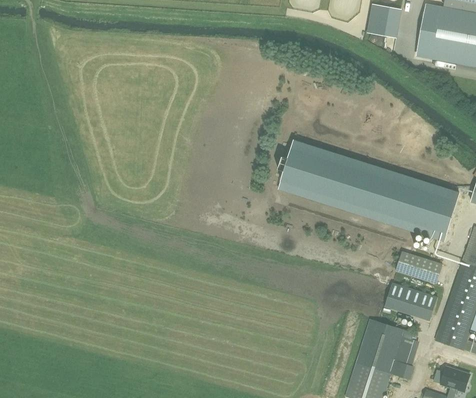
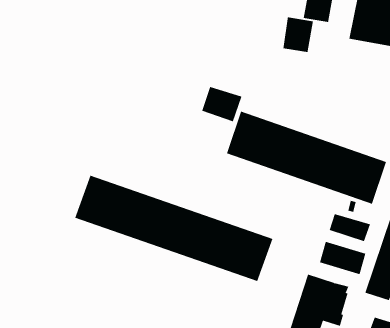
building: none -> [283,16,313,53]
building: none -> [201,86,242,122]
building: none -> [74,175,273,282]

